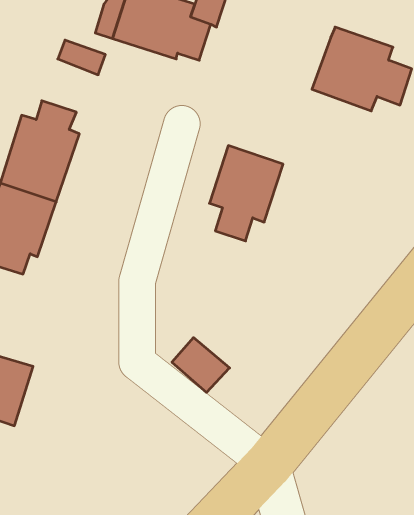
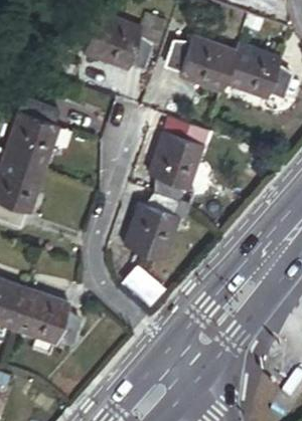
building: none -> [163,34,236,89]
building: none -> [127,184,190,249]
building: none -> [15,278,83,334]

